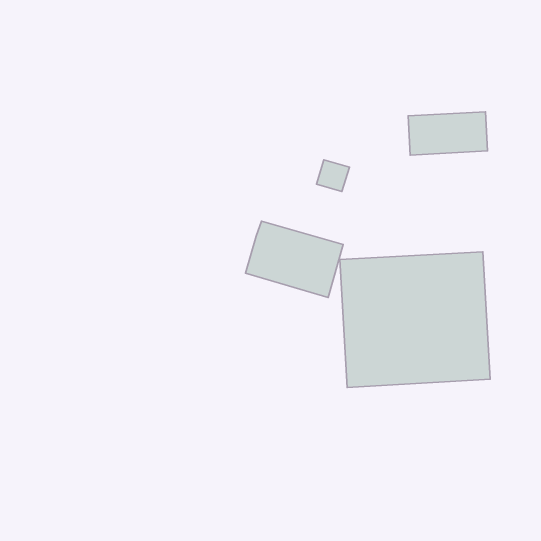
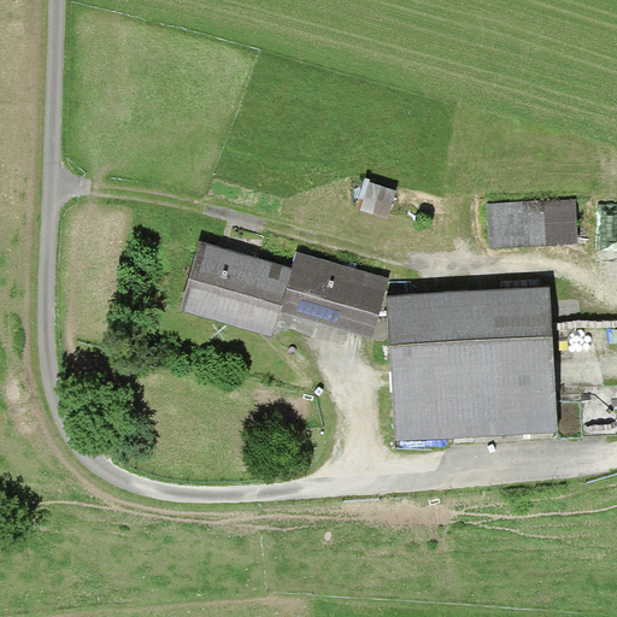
building: [408,112,487,155] -> [487,199,577,248]
building: none -> [180,242,292,337]

